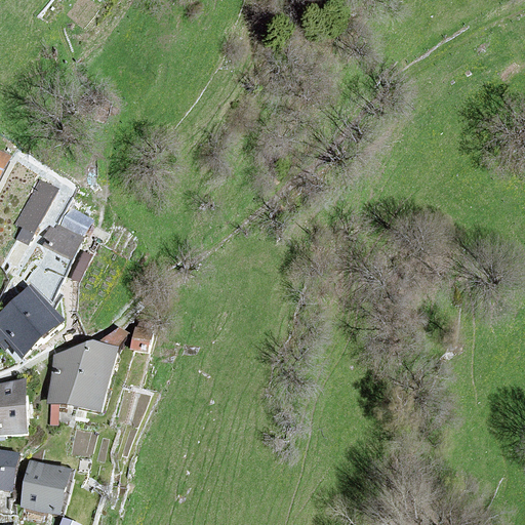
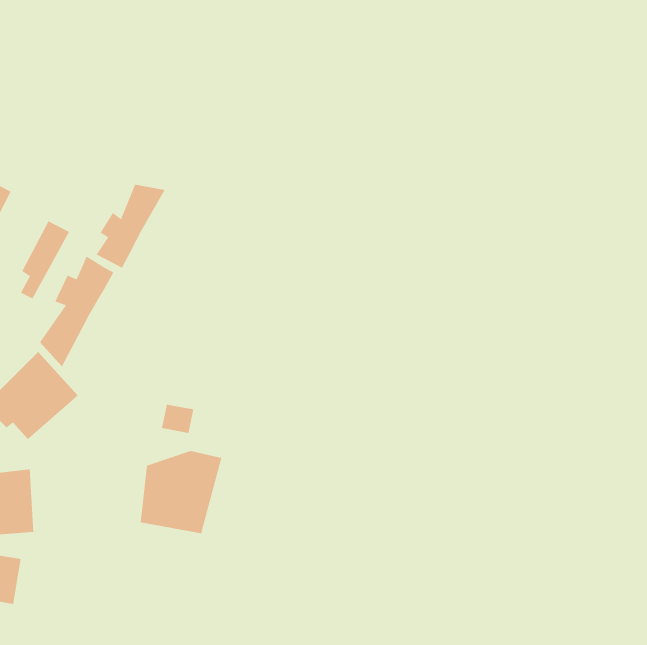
building: none -> [96,184,165,268]
building: [50,341,117,409] -> [140,450,222,534]
building: [22,460,70,513] -> none

